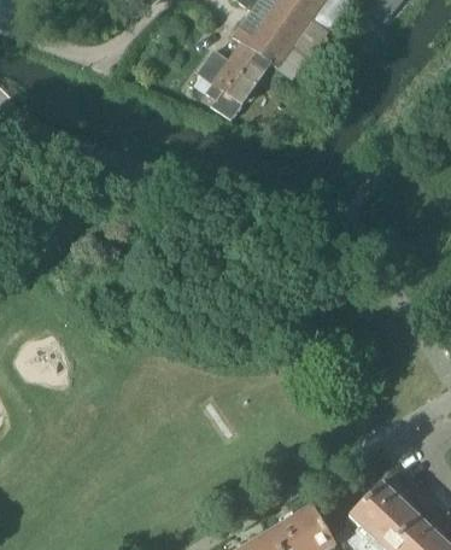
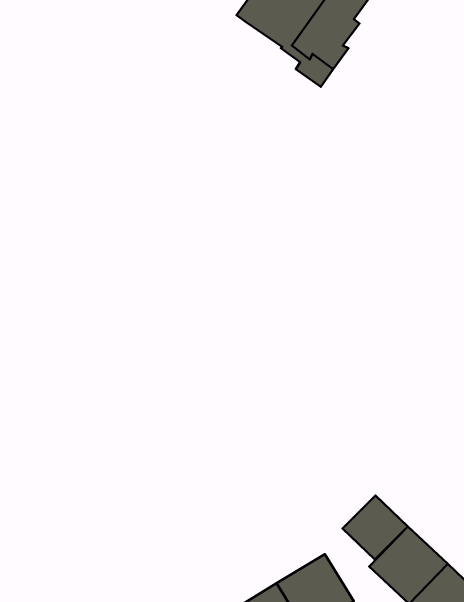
building: [193,40,271,118] -> none
building: none -> [343,495,408,560]

